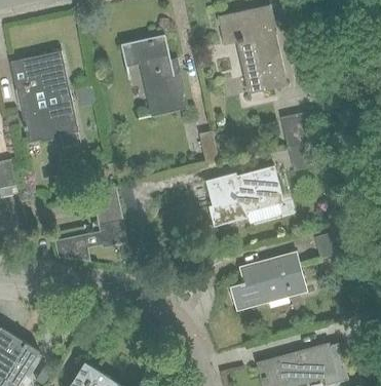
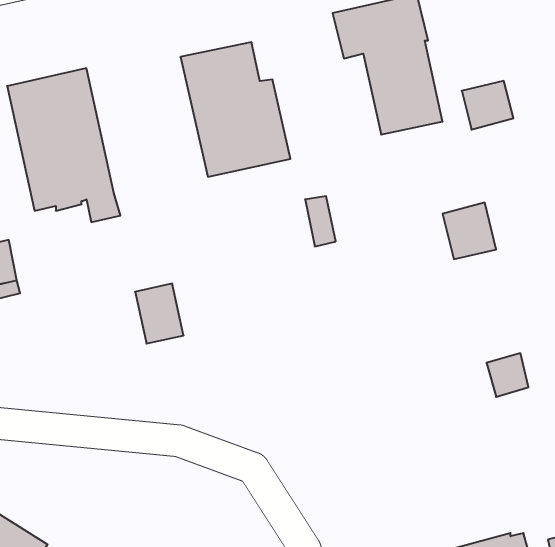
building: [280,112,313,143] -> [462,81,513,130]
building: [201,168,285,229] -> none
building: [54,220,127,262] -> none
building: [231,255,306,311] -> none

